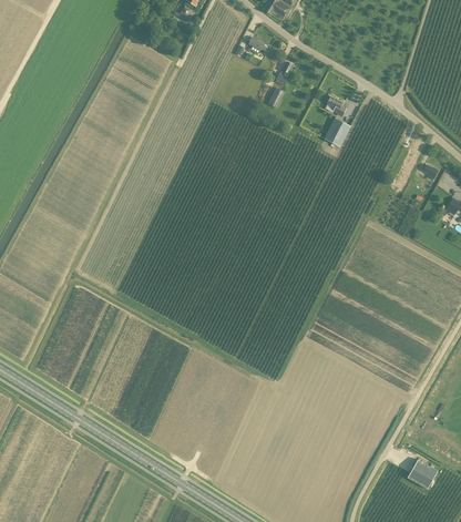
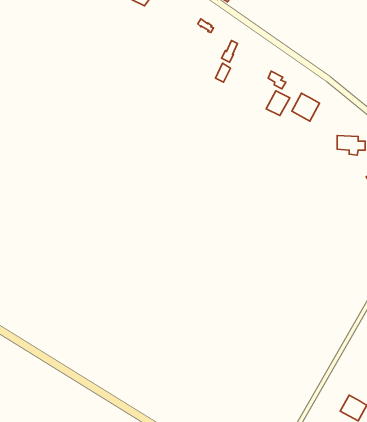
building: none -> [292,93,320,121]

